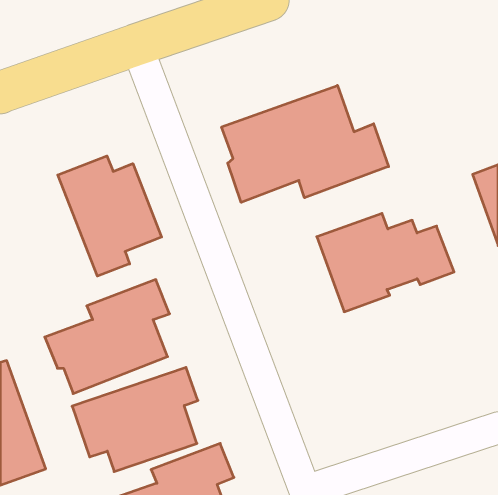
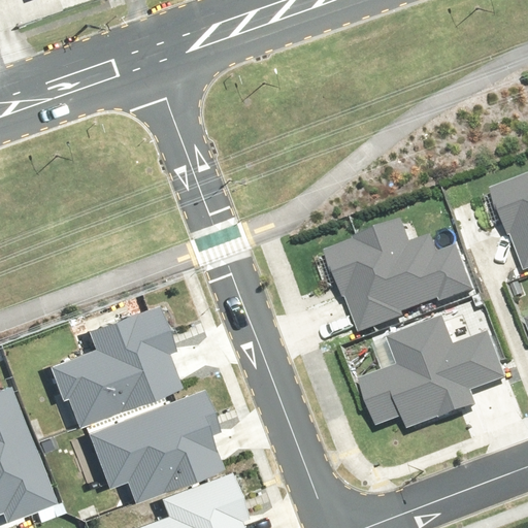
building: [222,85,389,202] -> none
building: [58,156,162,276] -> none
building: none -> [363,322,504,429]

